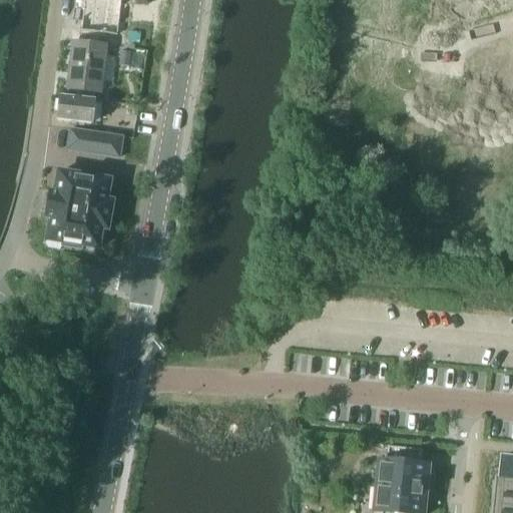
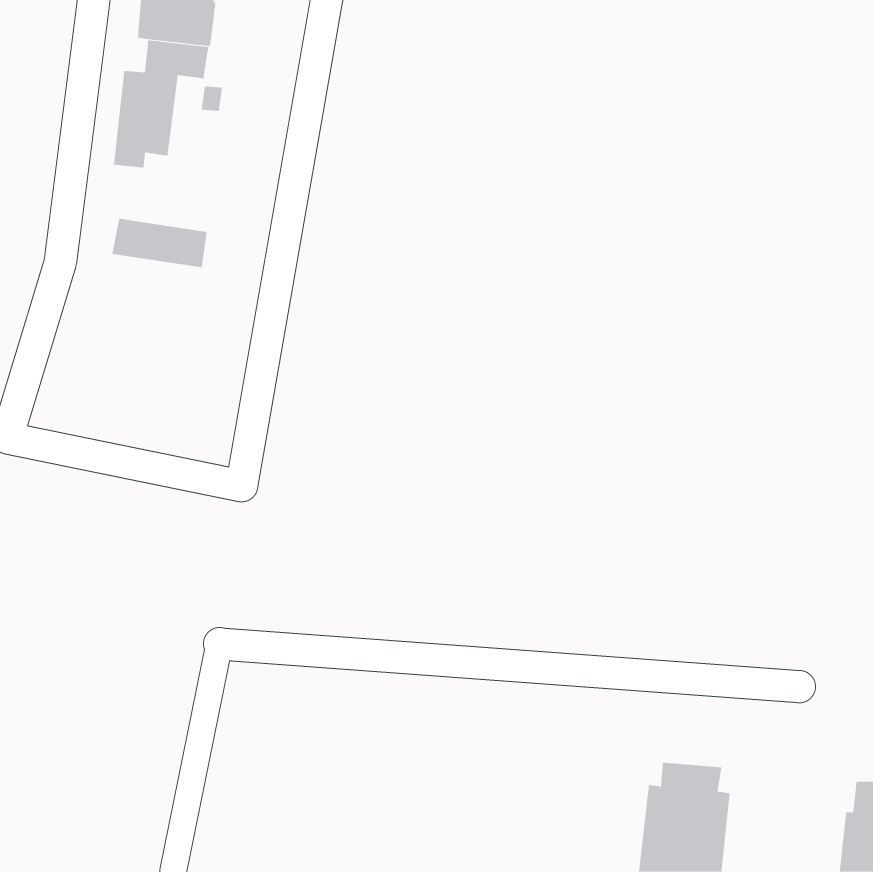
building: [58,95,95,122] -> none
building: [46,169,113,248] -> none

